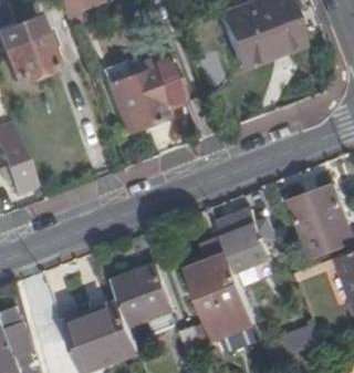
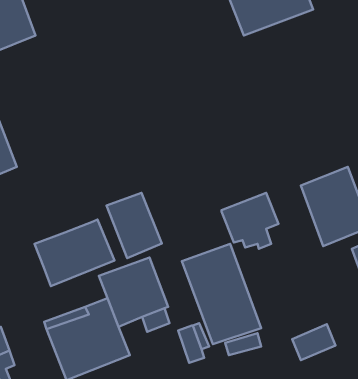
building: [105,53,186,132] -> none
building: none -> [107,193,162,258]
building: none -> [34,220,115,286]

